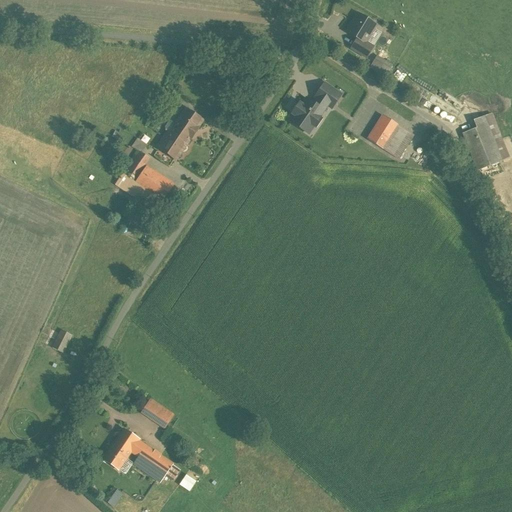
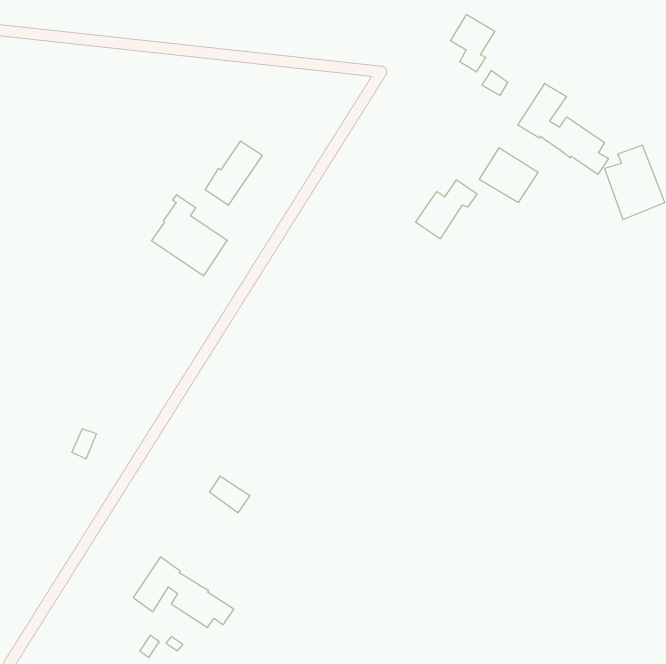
building: none -> [518,83,609,174]
building: [290,85,337,130] -> [416,180,477,239]
building: [144,398,175,426] -> [210,476,250,513]

